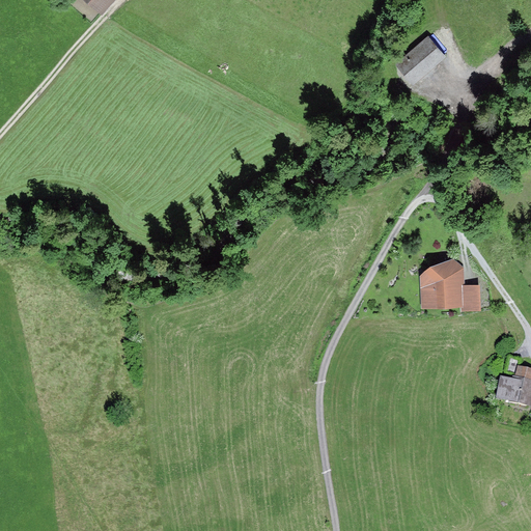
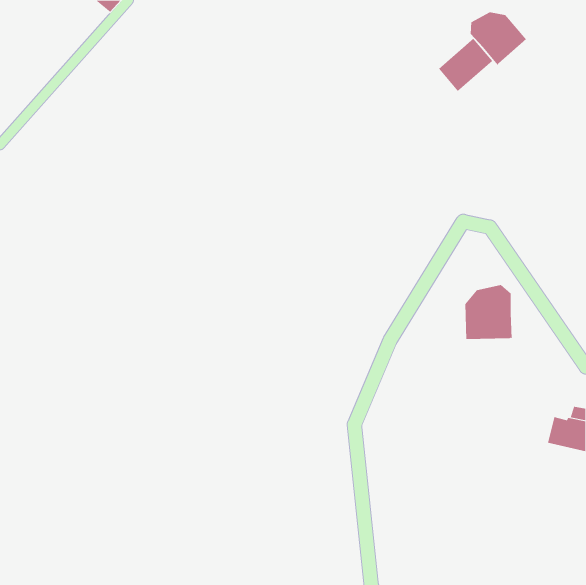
building: none -> [470,12,527,65]
building: [462,283,482,311] -> none

